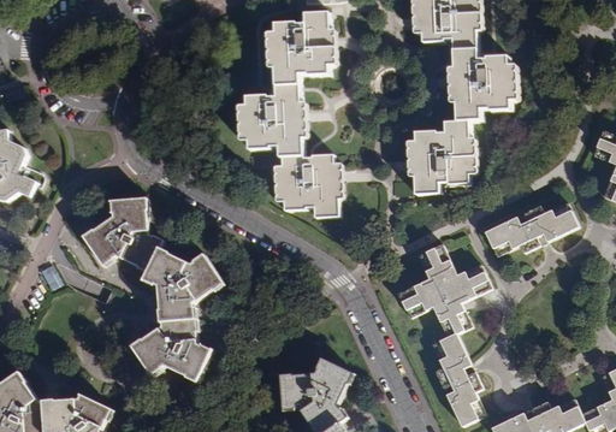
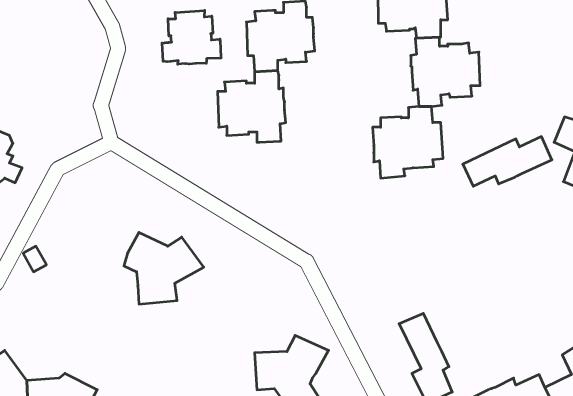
building: none -> [162,10,221,64]
building: [276,153,346,217] -> none
building: [82,197,164,271] -> none
building: [486,202,579,254] -> [463,137,552,186]
building: [396,243,491,338] -> none
building: [130,320,214,386] -> none

